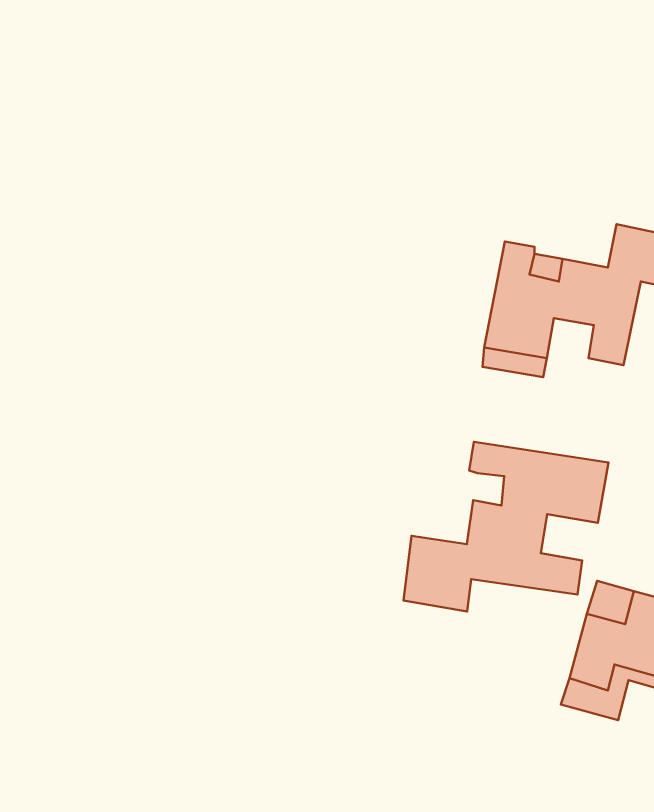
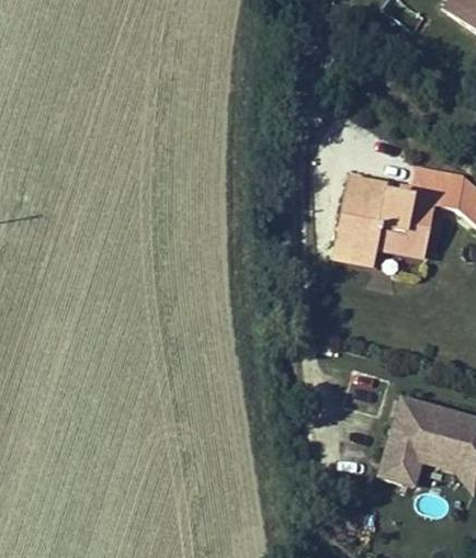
building: [403,442,609,612] -> none

